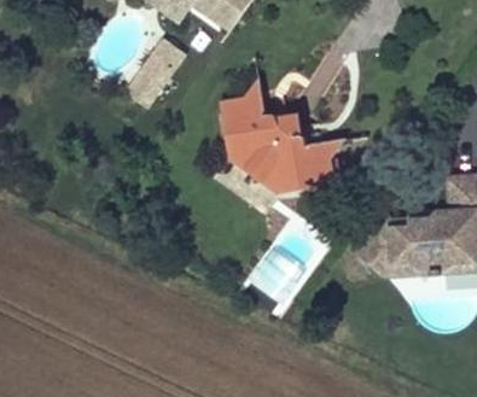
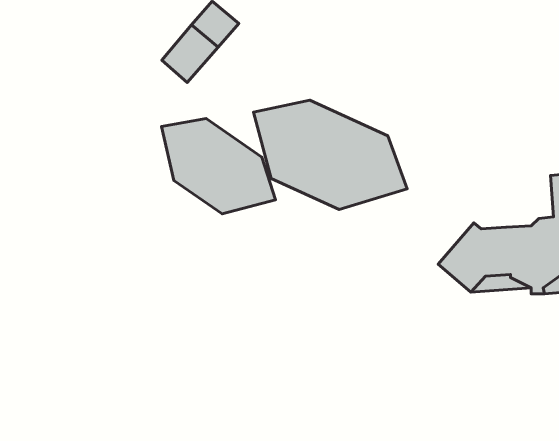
building: none -> [162,119,276,214]

